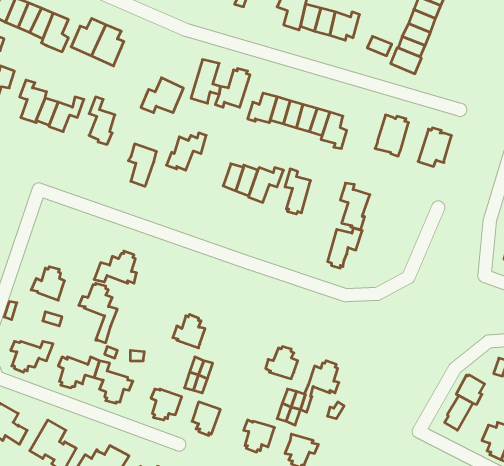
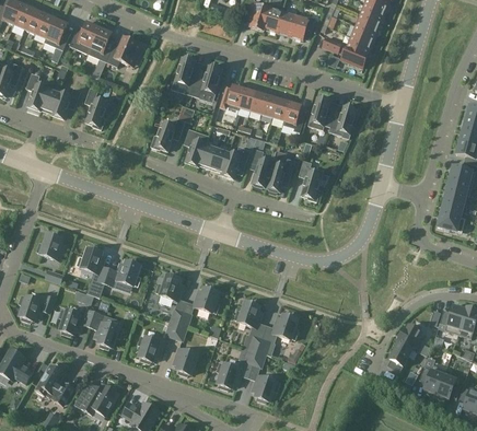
building: [141,78,183,113] -> [106,36,142,66]
building: [418,128,452,166] -> [309,96,337,129]
building: [128,144,157,186] -> [184,129,208,165]
building: [328,228,362,268] -> [266,158,295,191]
building: [94,251,137,283] -> [104,258,140,286]
building: none -> [193,286,219,312]

